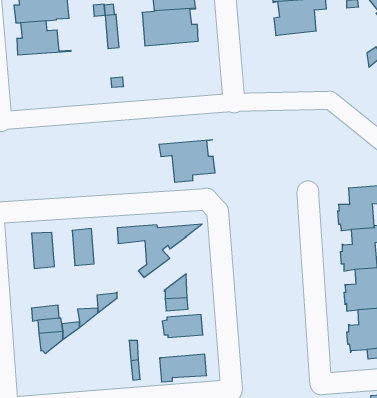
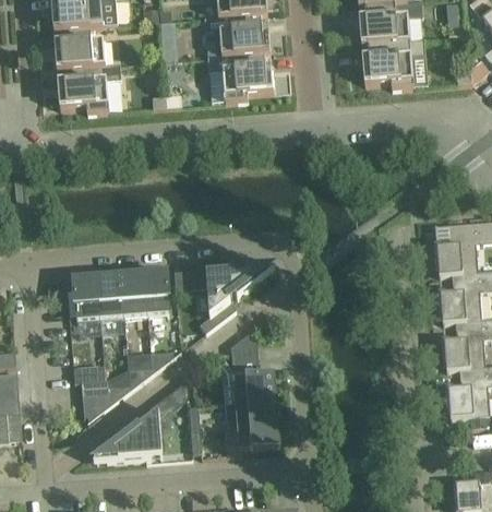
building: none -> [363,39,425,90]
building: none -> [57,64,121,114]
building: [159,140,215,182] -> [207,52,274,103]
building: none -> [144,273,172,315]
building: none -> [97,276,124,319]
building: none -> [95,380,189,462]
building: none -> [225,400,278,427]

